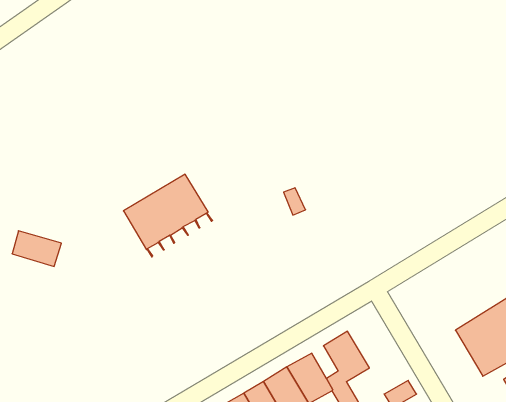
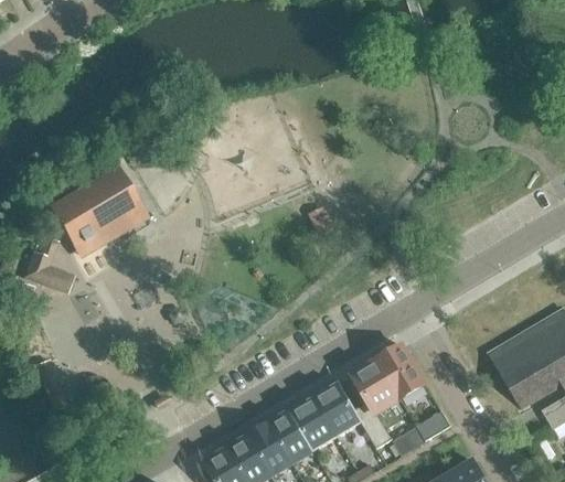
building: [123,174,213,257] -> [50,168,143,255]
building: none -> [376,345,425,398]

